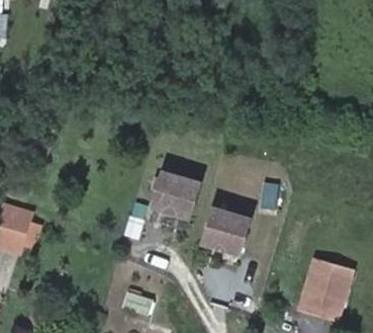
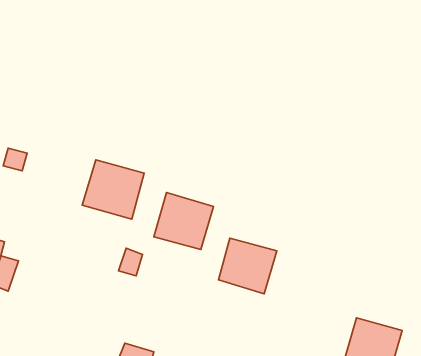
building: none -> [82,160,144,219]

